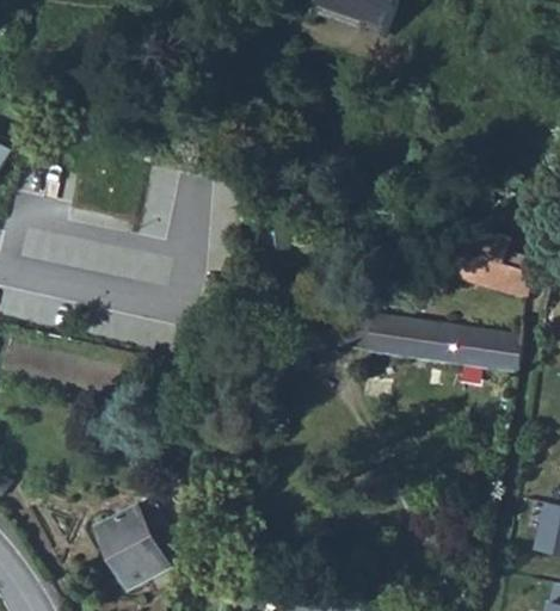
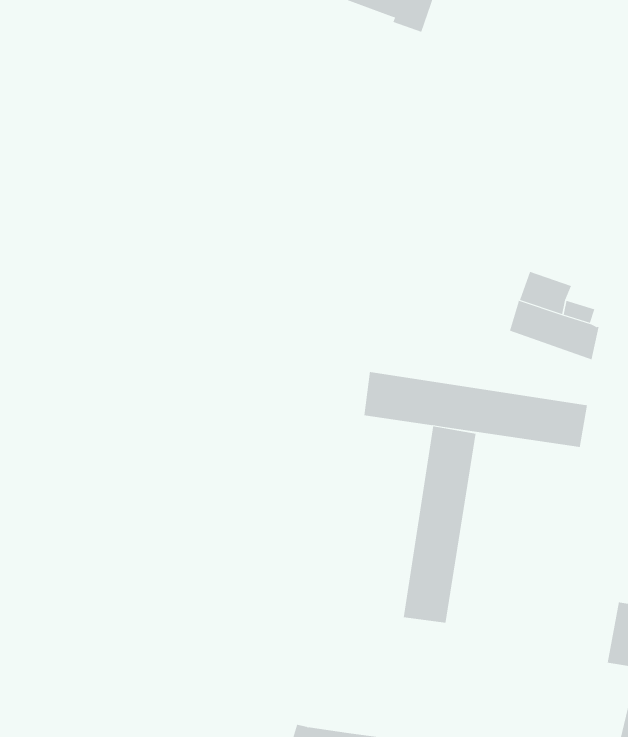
building: none -> [403,426,476,624]
building: [94,502,176,590] -> none

